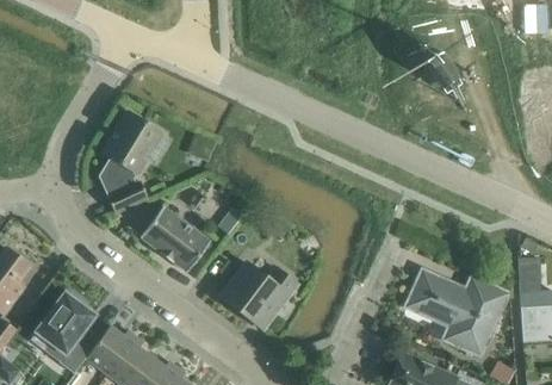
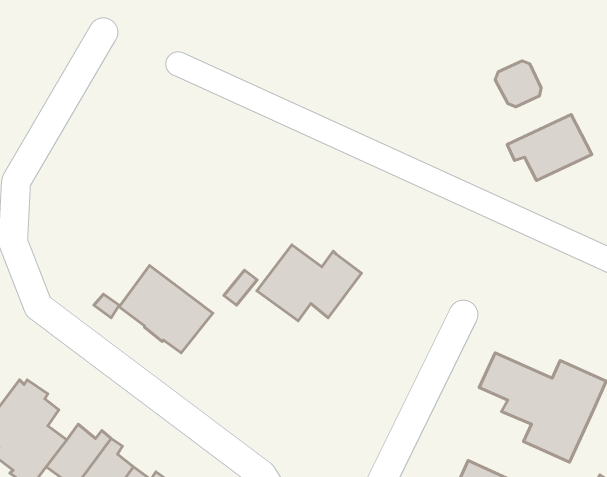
building: none -> [507,115,592,181]
building: [99,111,163,213] -> none
building: [219,262,298,319] -> [257,245,362,321]

